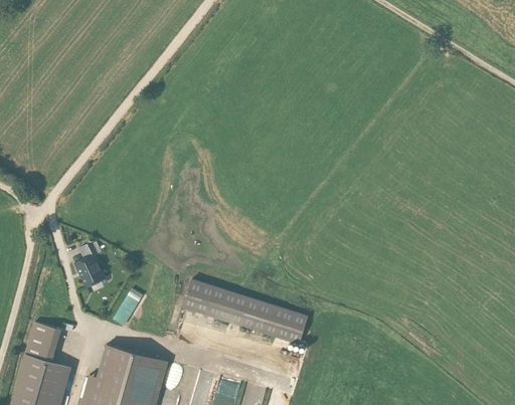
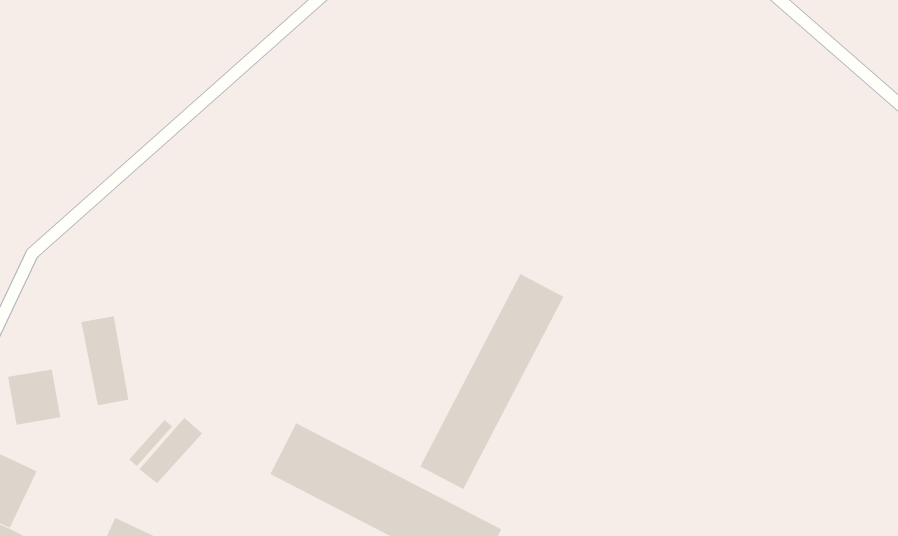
building: none -> [420,273,564,490]
building: none -> [8,369,61,425]

